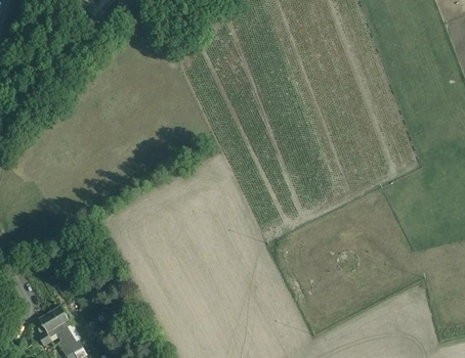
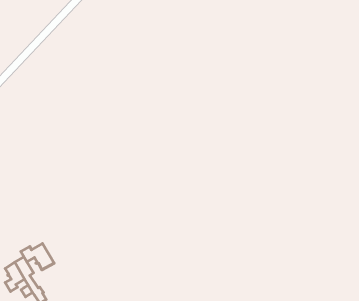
building: none -> [21,244,54,270]

